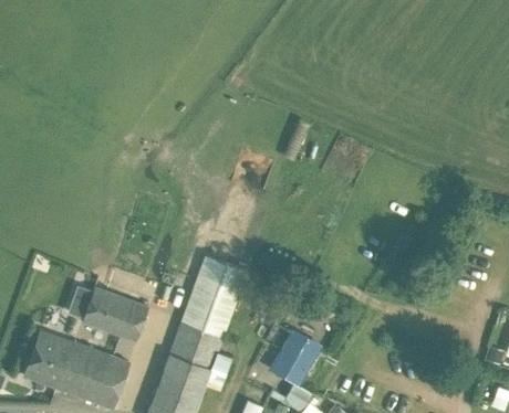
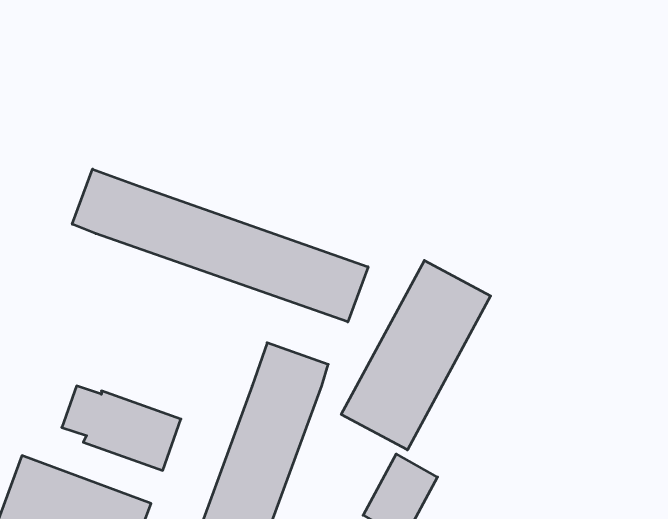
building: none -> [72,169,368,322]
building: none -> [341,260,491,450]

